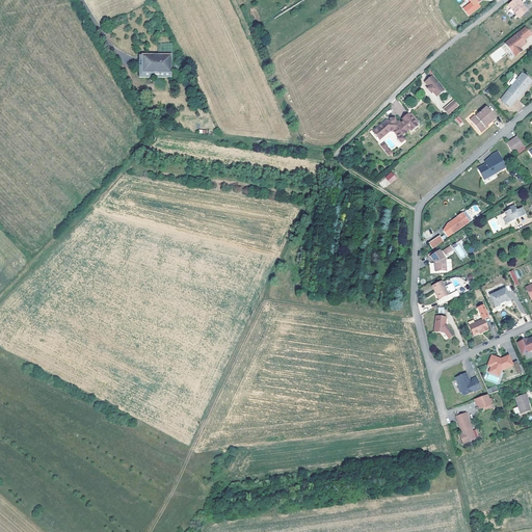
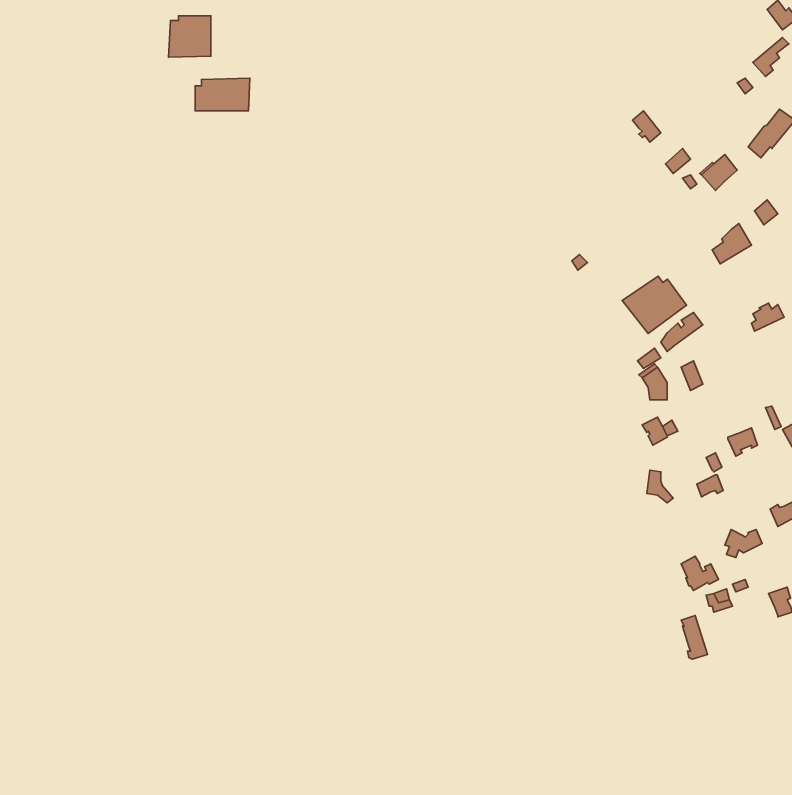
building: none -> [168,16,211,57]
building: [372,113,418,141] -> none
building: none -> [622,276,686,333]

